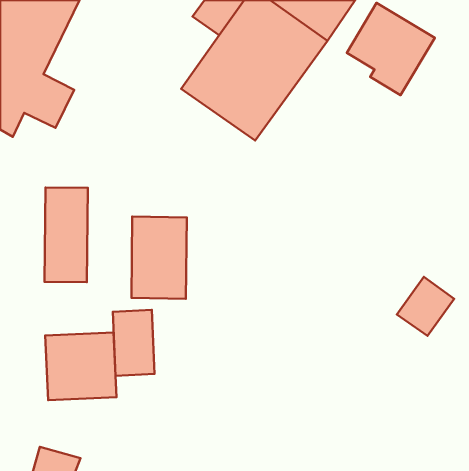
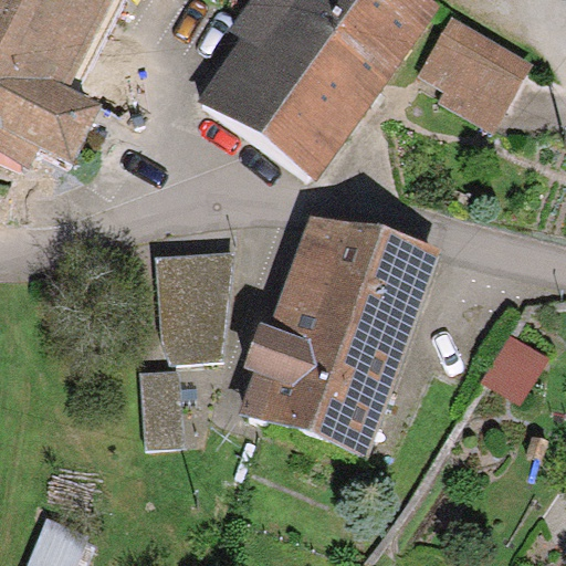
building: none -> [251,212,429,454]
building: [44,188,88,282] -> none
building: [45,332,117,400] -> none

